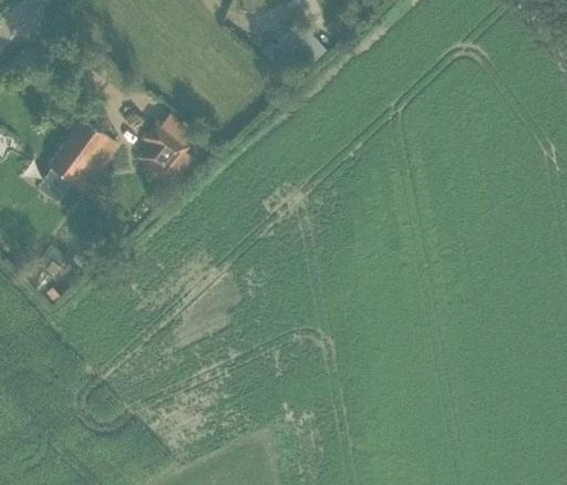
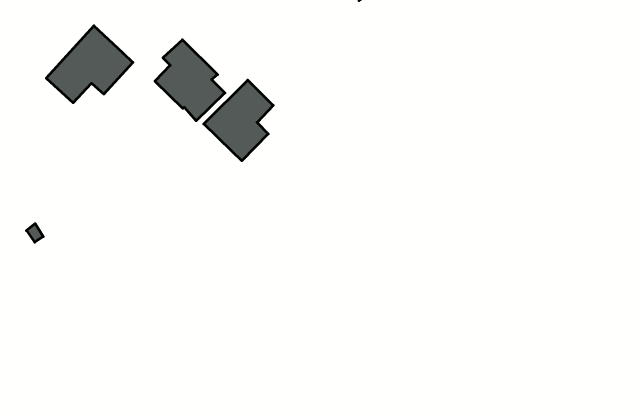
building: none -> [204,80,273,161]

